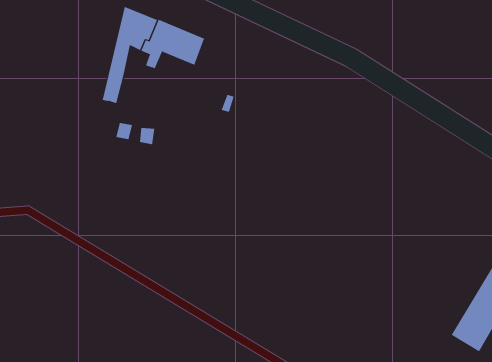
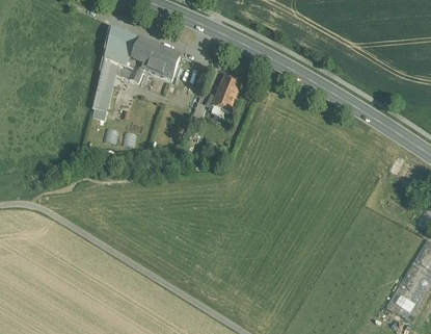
building: none -> [211,74,241,115]

